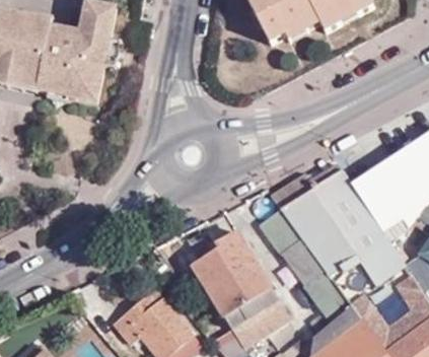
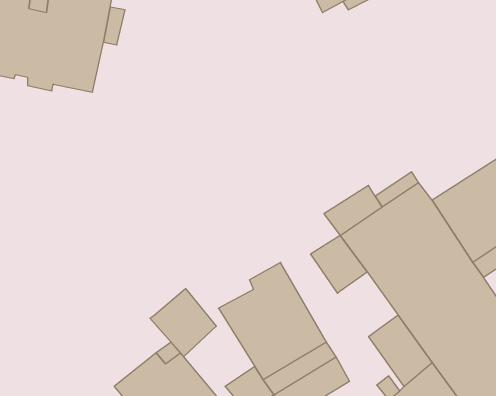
building: [283,237,327,284] -> none
building: none -> [150,289,216,356]

